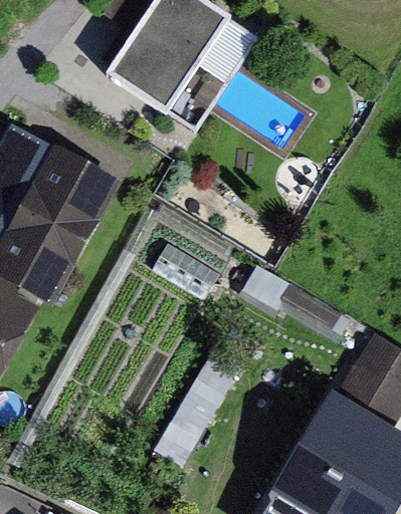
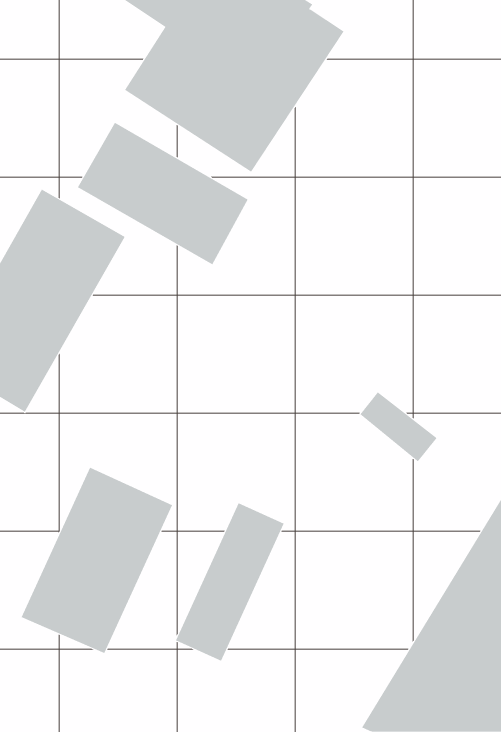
building: none -> [77,122,249,265]
building: none -> [21,467,173,654]

